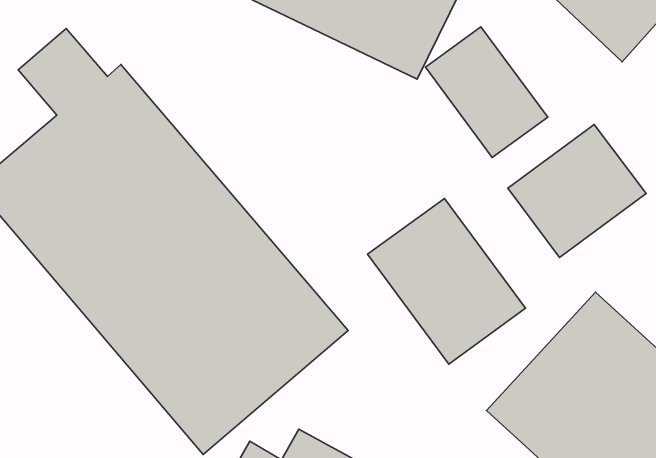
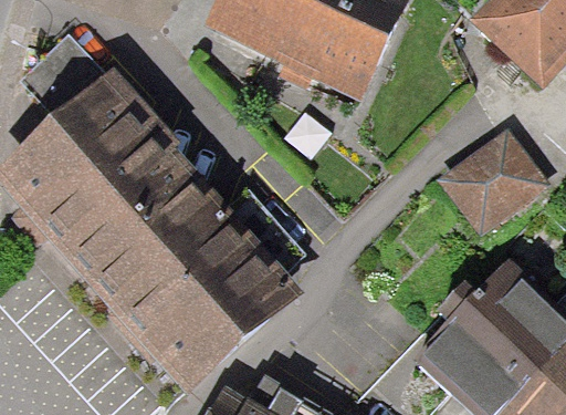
building: [425,27,548,157] -> none
building: [368,198,526,364] -> none

